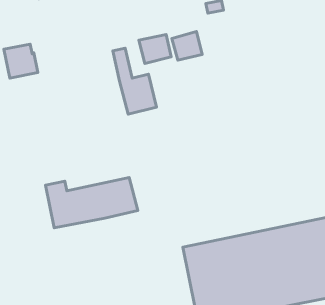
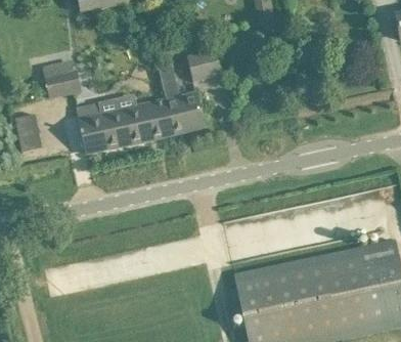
building: [172,31,202,60] -> none
building: [46,177,138,228] -> [78,99,175,153]

